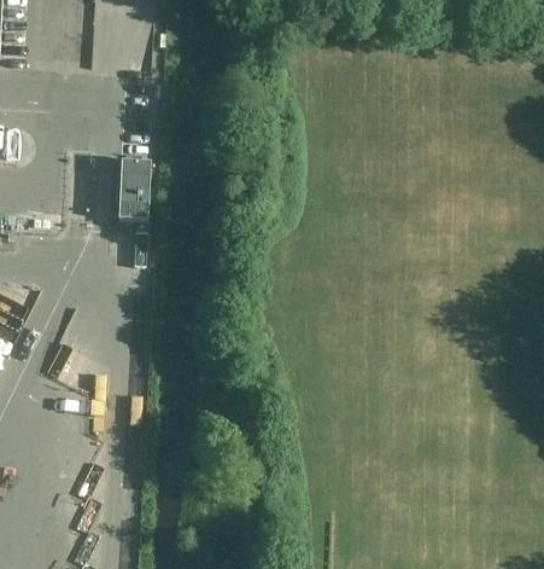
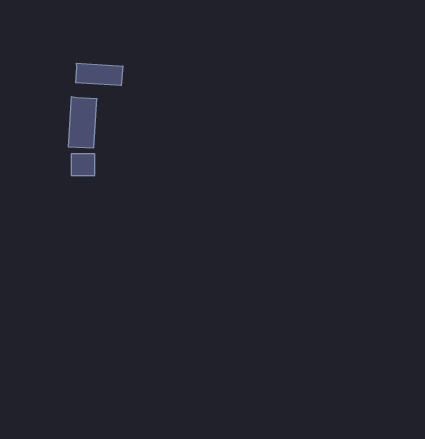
building: none -> [76,63,123,86]

